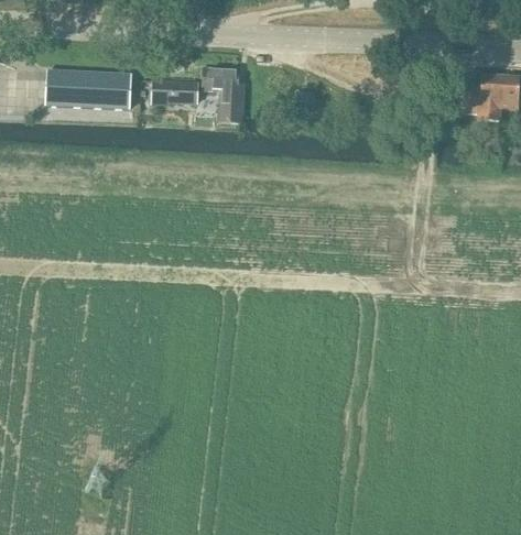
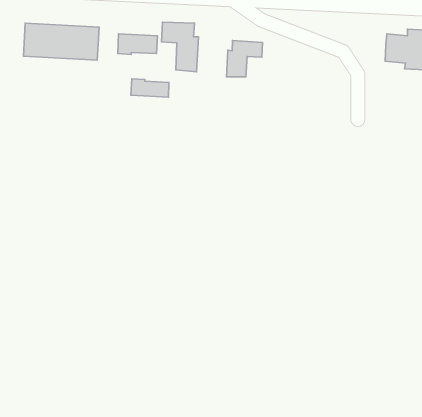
building: none -> [227,40,262,77]
building: none -> [131,79,169,97]

